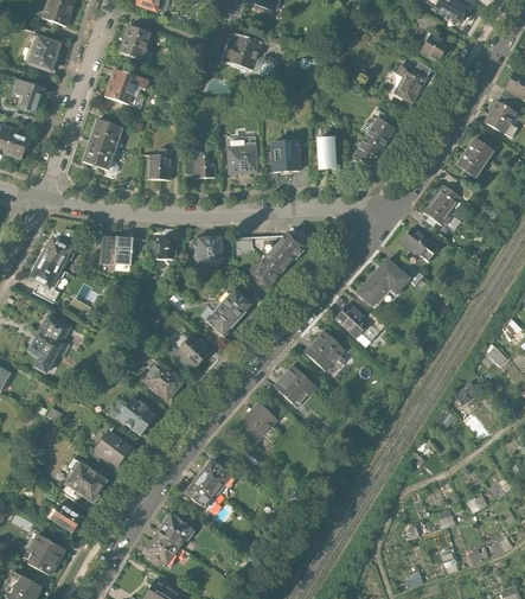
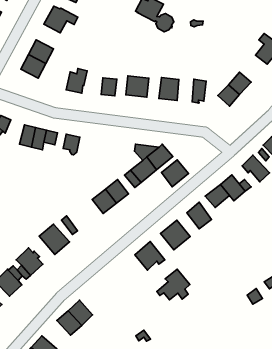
building: [194,234,225,268] -> none
building: none -> [162,160,189,187]
building: [179,336,211,368] -> none
building: [235,401,277,444] -> [157,269,190,300]

